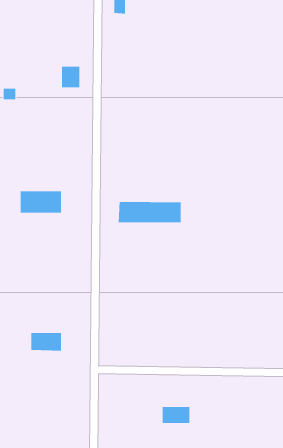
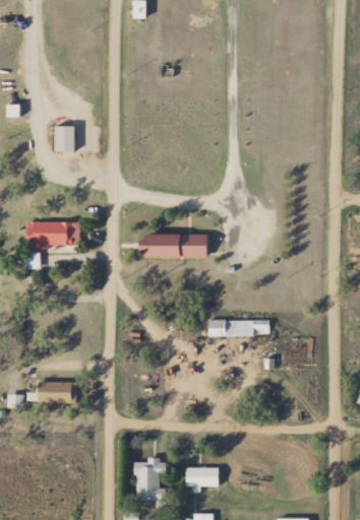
building: [61,66,80,88] -> [53,127,74,151]
building: none -> [206,319,269,337]
building: none -> [134,458,163,502]

